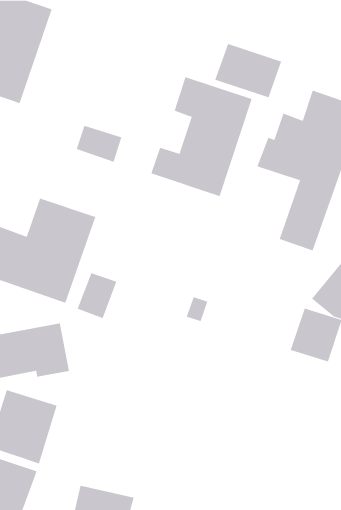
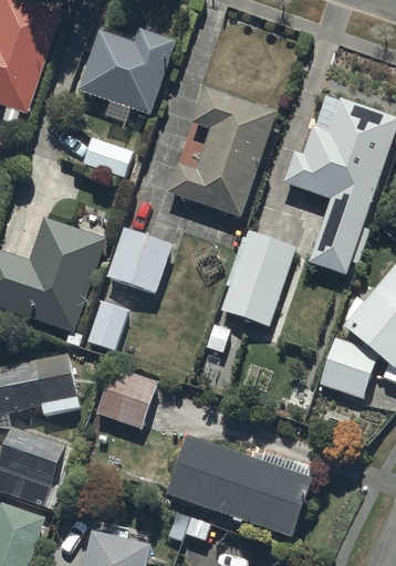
building: none -> [80,27,177,114]
building: [215,43,282,98] -> none
building: none -> [106,227,173,294]
building: none -> [221,231,296,327]
building: none -> [97,366,158,429]
building: none -> [166,434,313,538]

